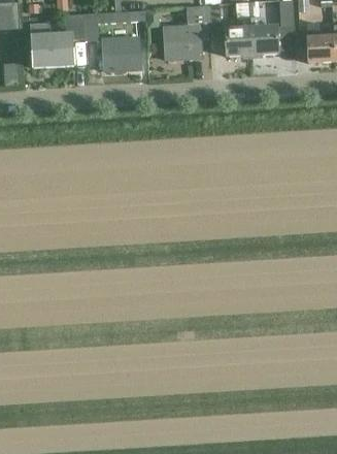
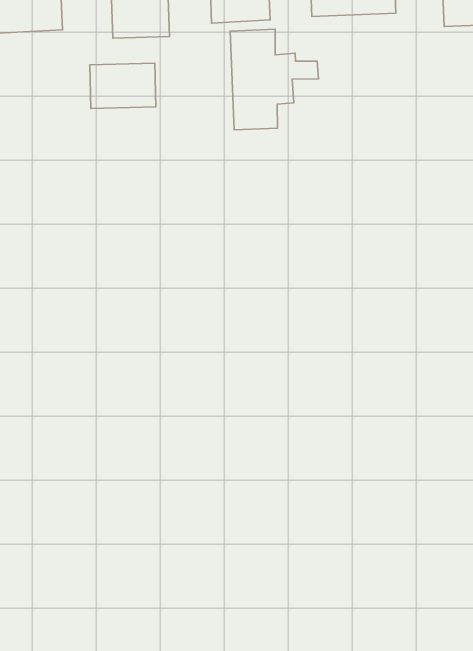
building: none -> [230,29,319,130]
building: none -> [90,63,156,109]

